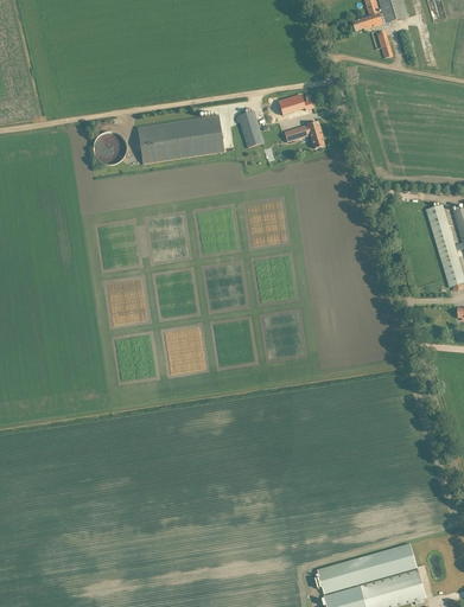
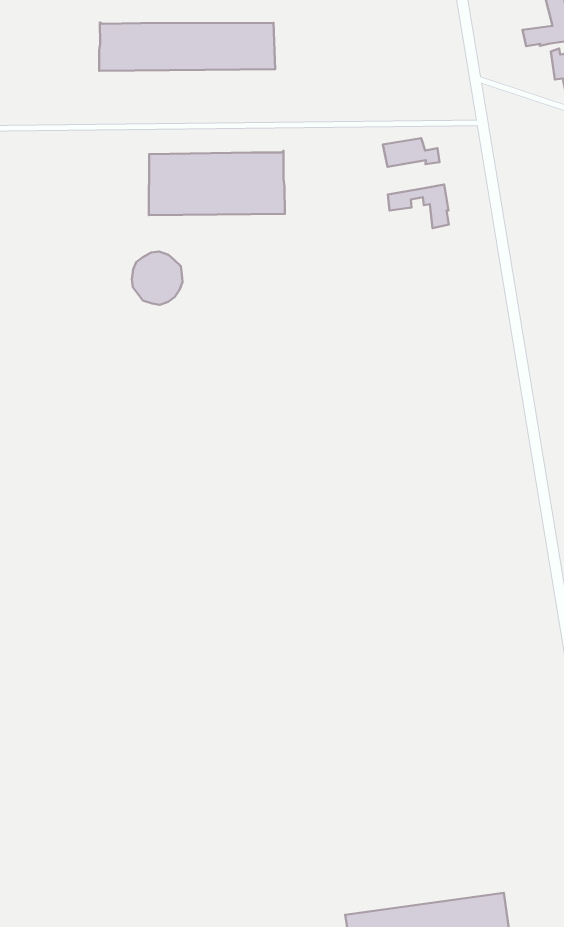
building: none -> [99,23,275,71]
building: [236,110,263,148] -> none
building: [93,133,123,165] -> [132,251,183,305]

